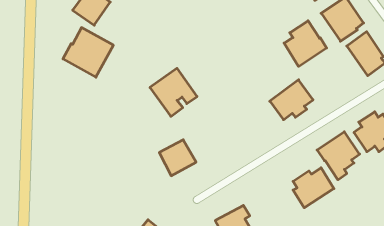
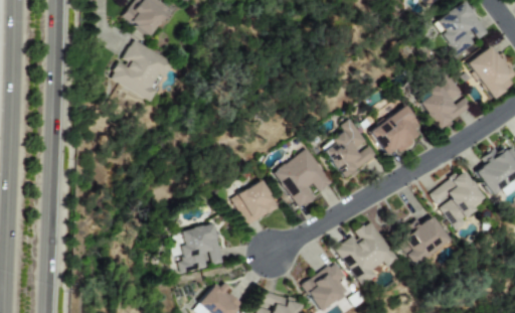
building: [284,21,327,66] -> [419,73,473,131]
building: [150,68,197,116] -> [274,148,333,208]
building: none -> [322,119,377,179]
building: none -> [336,220,398,283]
building: none -> [178,222,224,273]

